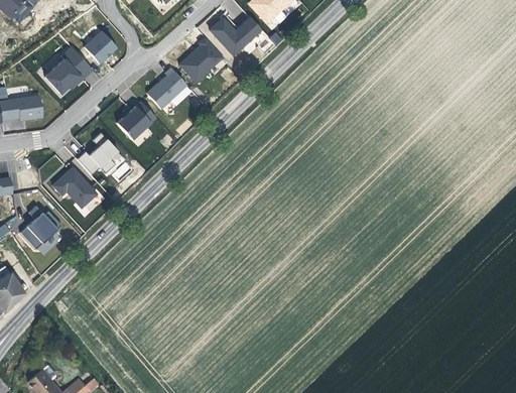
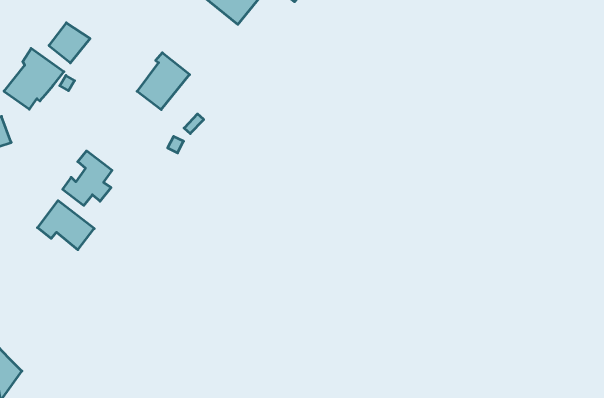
building: [179,37,222,83] -> none
building: [116,102,155,139] -> none
building: [20,206,60,249] -> none

